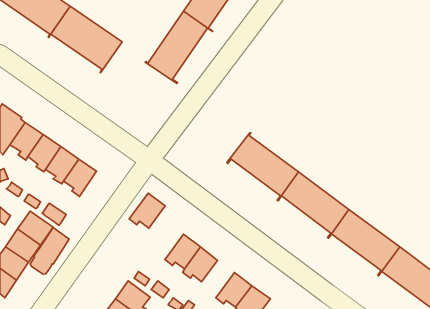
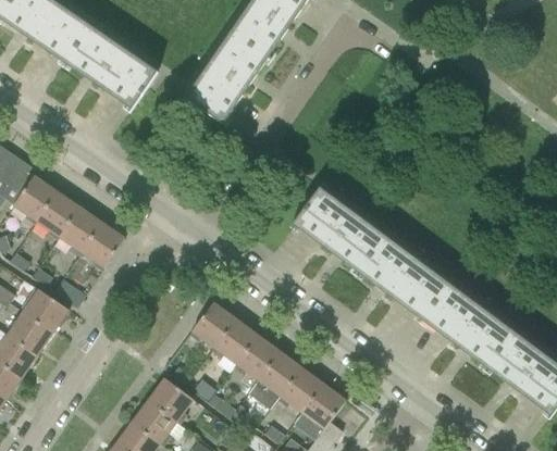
building: [129,193,165,228] -> [189,301,235,346]
building: [30,227,69,274] -> none
building: none -> [248,351,300,408]

